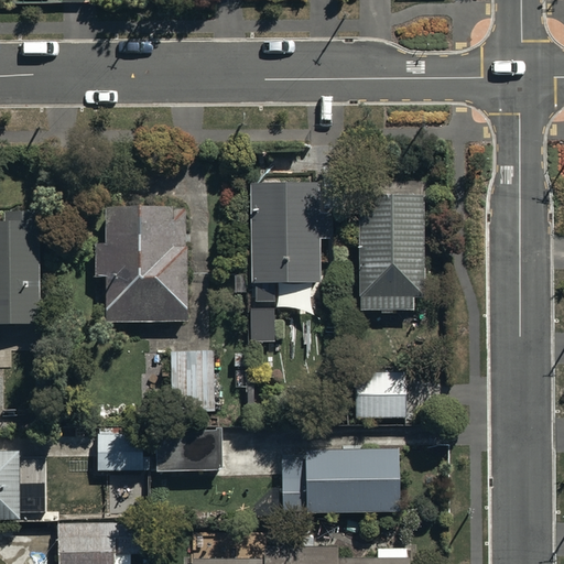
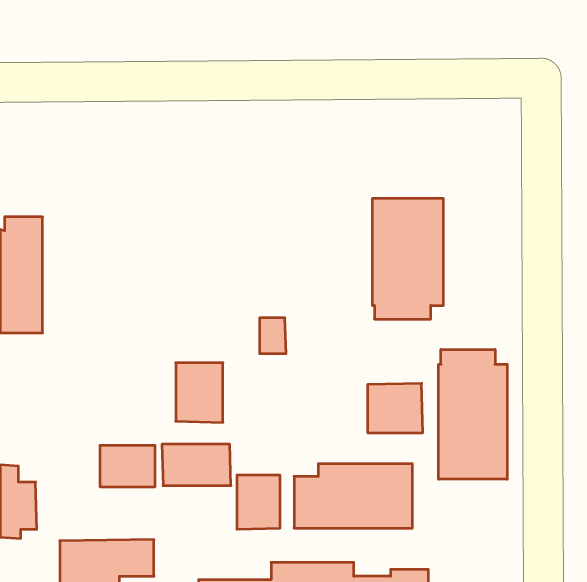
building: [250,183,332,304] -> none
building: [96,204,186,323] -> none
building: none -> [439,349,507,479]
building: none -> [237,475,280,529]

